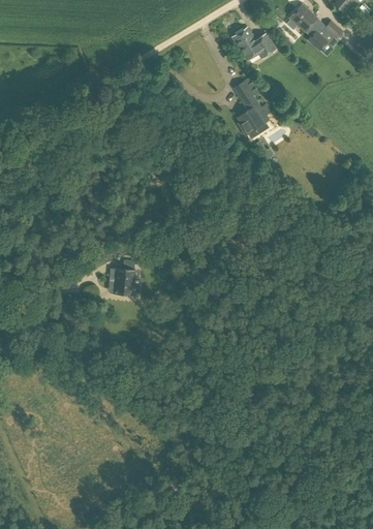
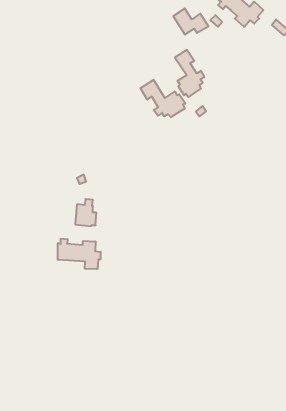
building: none -> [140,80,185,117]
building: none -> [58,239,101,269]

